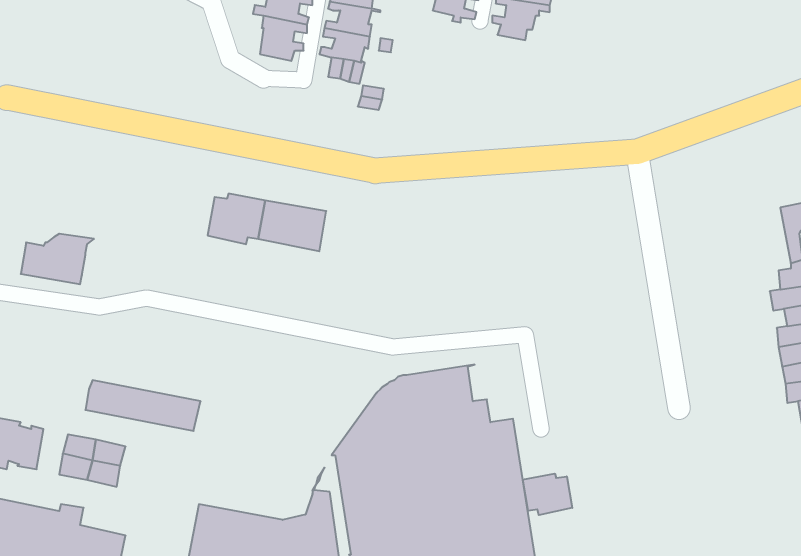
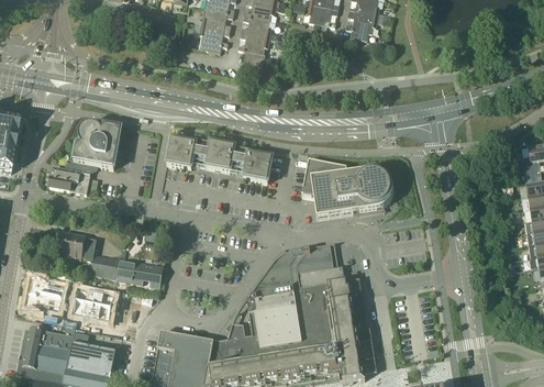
building: none -> [74,123,121,168]
building: none -> [237,147,273,183]
building: none -> [302,159,393,218]
building: none -> [58,232,97,259]
building: [523,474,572,515] -> none

